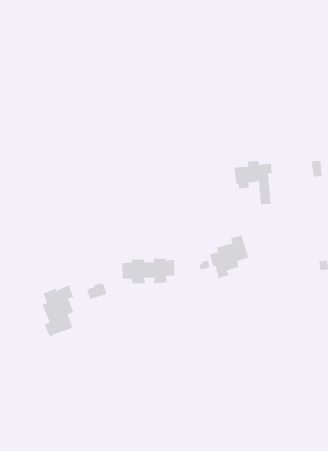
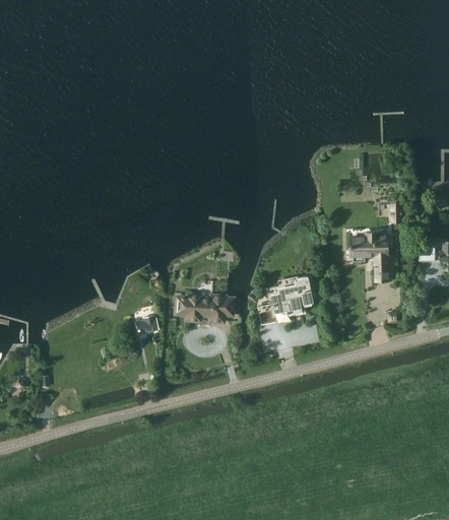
building: [234,161,273,205] -> [350,232,392,279]
building: [42,284,74,337] -> none

